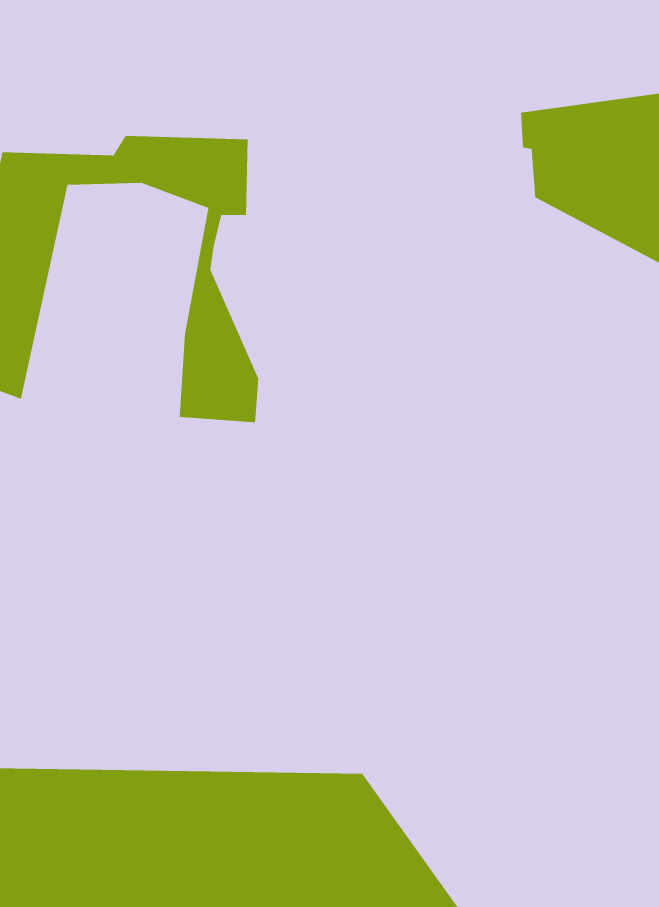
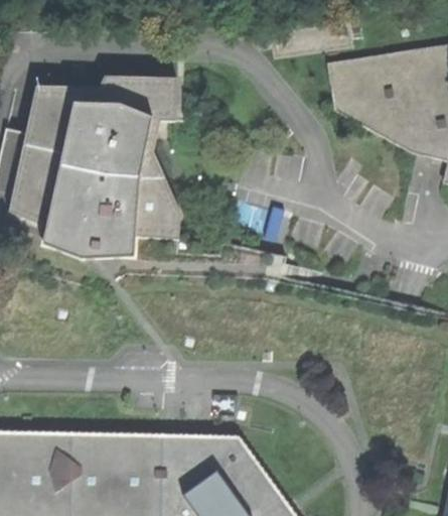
building: none -> [43,105,152,260]

